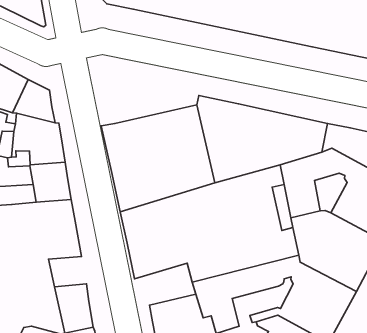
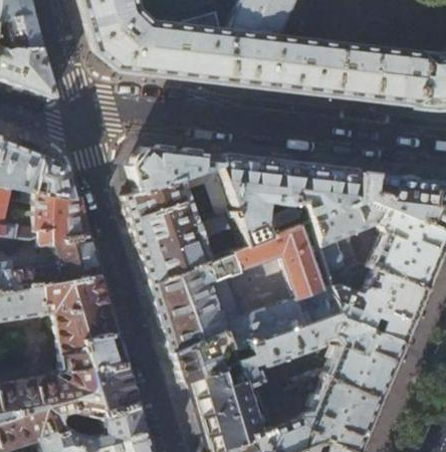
building: none -> [131,148,223,194]
building: none -> [82,335,125,370]
building: none -> [174,332,239,383]

